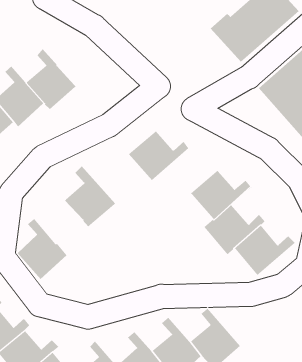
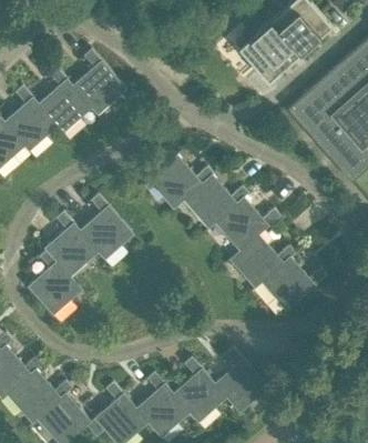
building: none -> [72,48,126,113]
building: none -> [184,173,249,229]
building: none -> [45,210,100,276]

